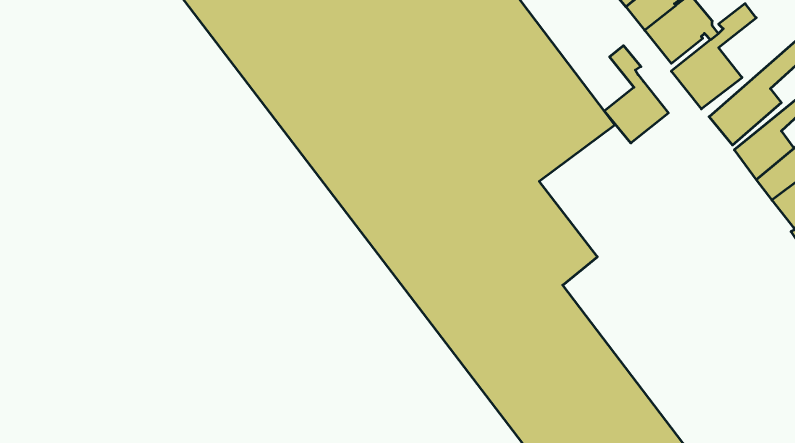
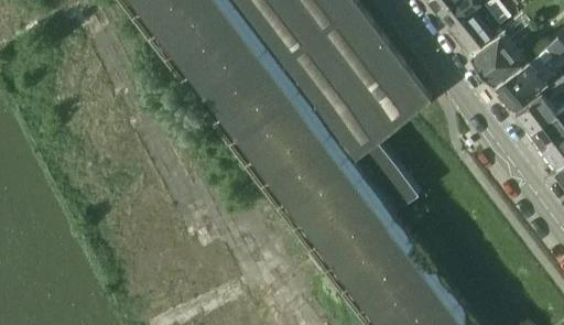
building: [604,46,668,143] -> none

